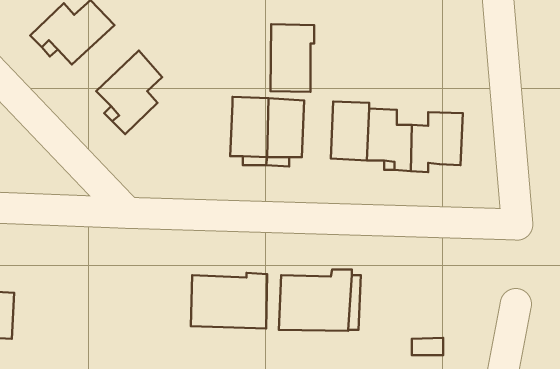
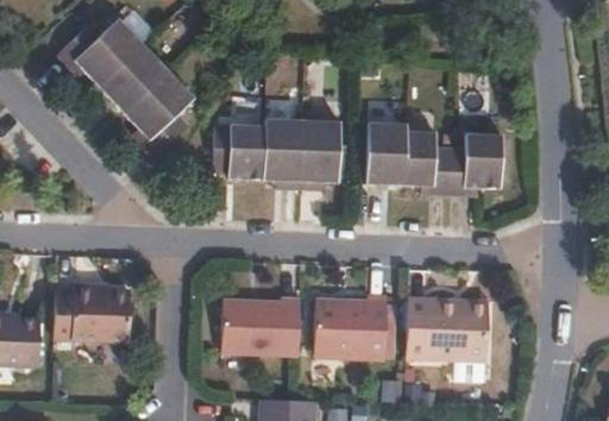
building: [270,24,314,92] -> none
building: none -> [100,44,169,112]
building: none -> [213,124,265,178]
building: none -> [55,283,131,341]
building: none -> [406,296,489,360]

